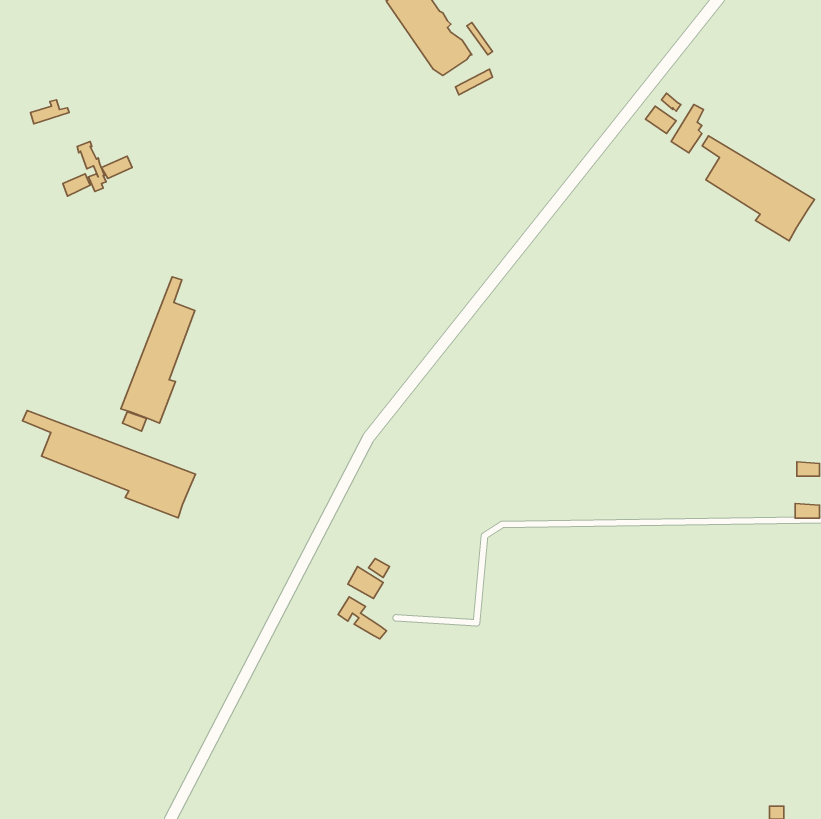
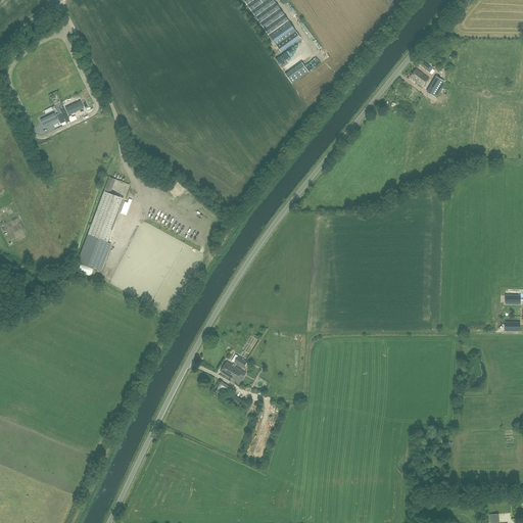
building: [702,136,815,241] -> none
building: [23,410,195,518] -> none

